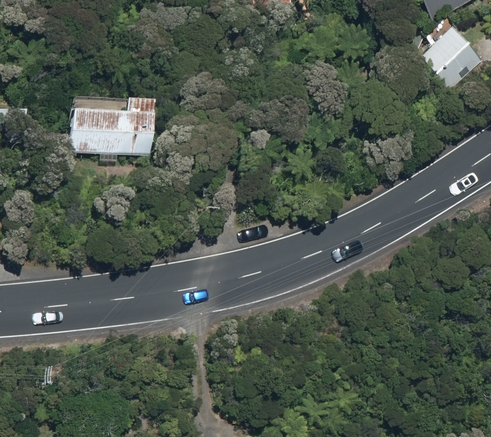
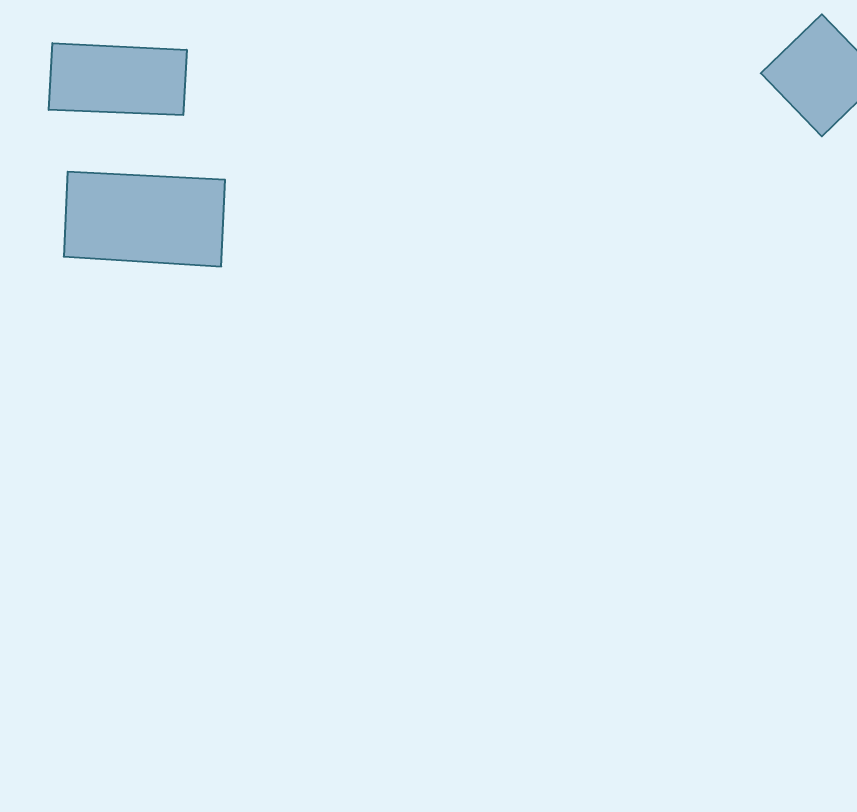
building: none -> [49,43,187,115]

